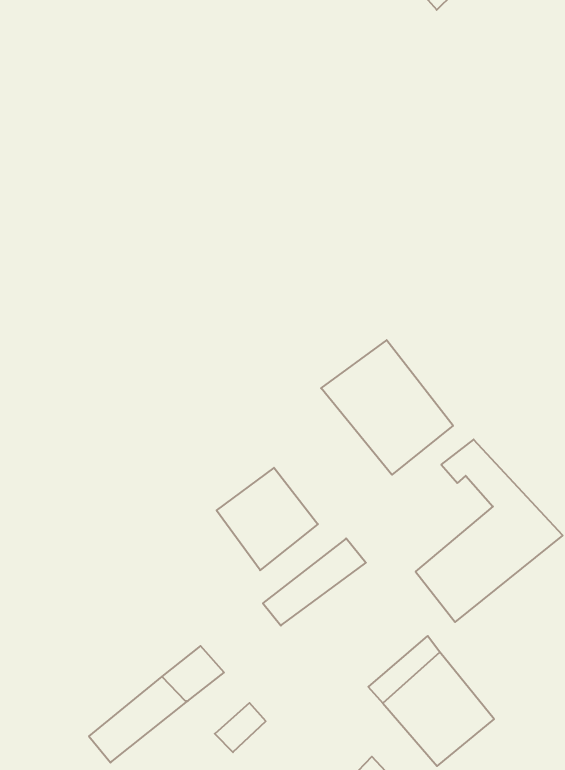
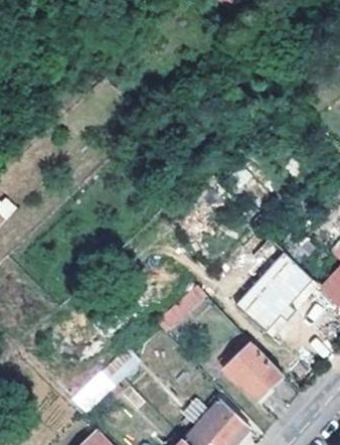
building: [321,340,453,475] -> none
building: [217,468,318,570] -> none

